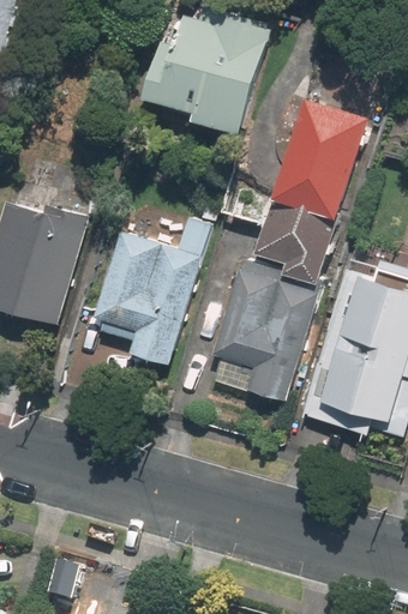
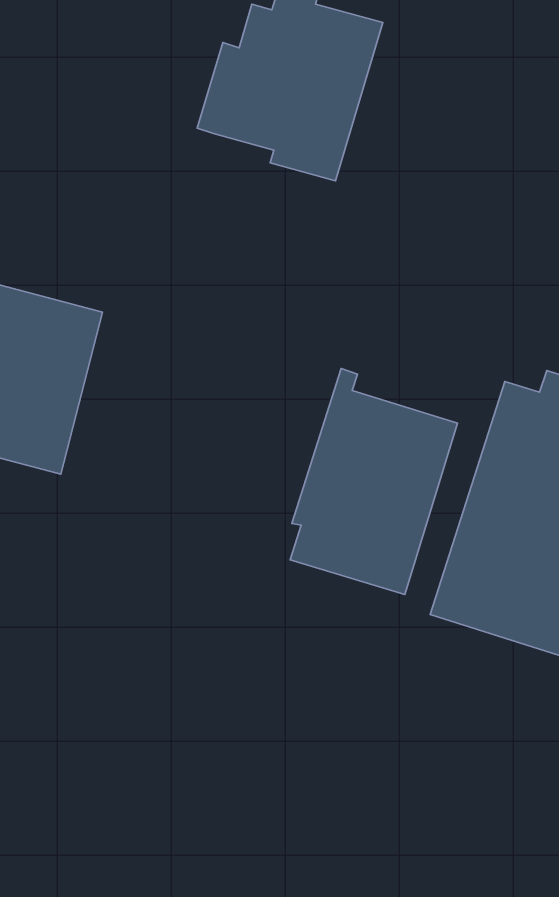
building: [254,98,366,282] -> none
building: [95,212,212,367] -> none

